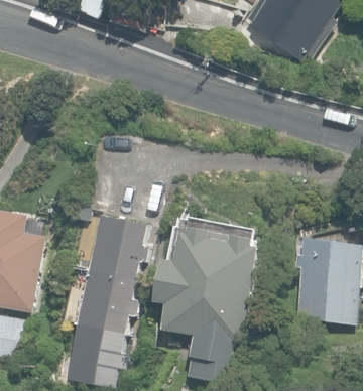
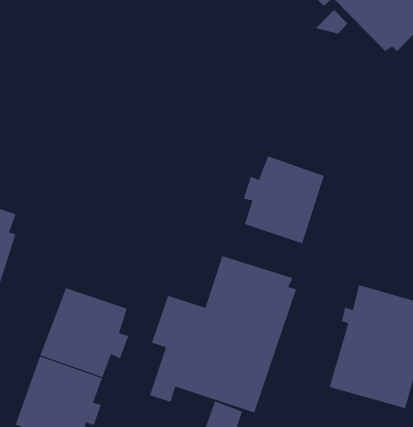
building: none -> [243,155,324,244]
building: [86,213,146,278] -> none

